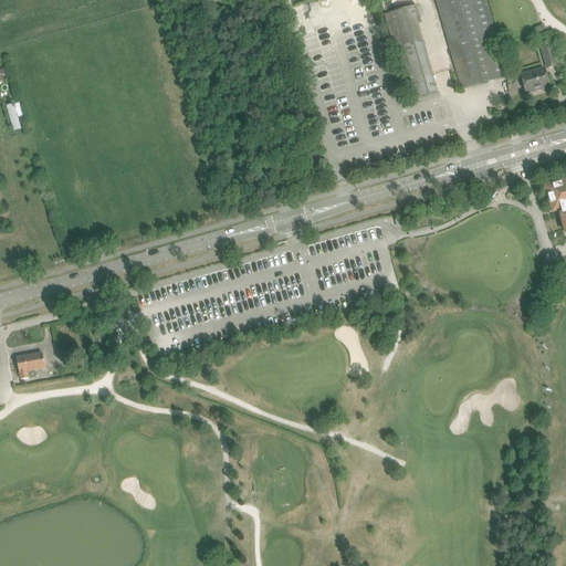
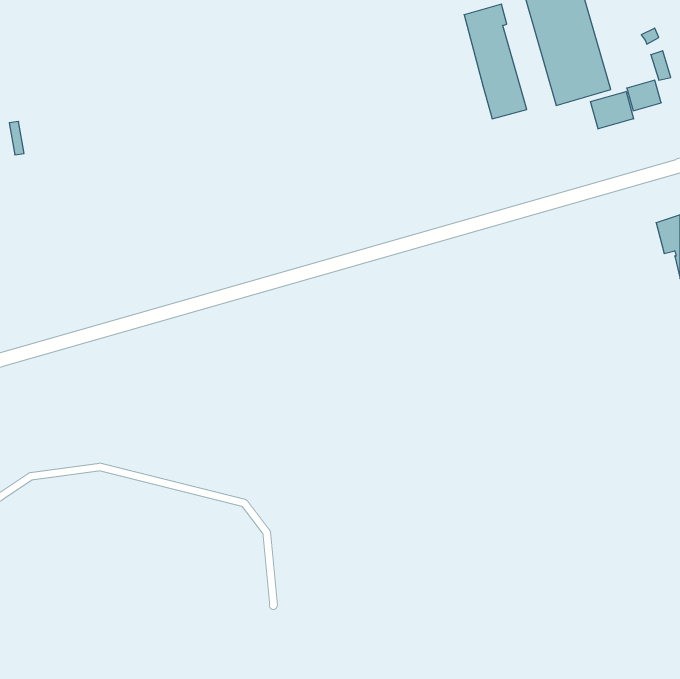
building: none -> [591,91,634,129]
building: [15,352,44,378] -> none

